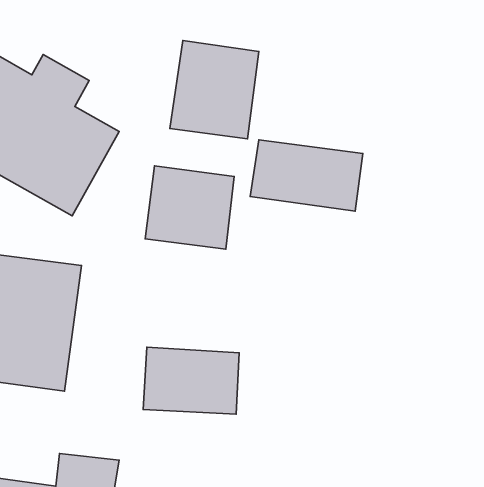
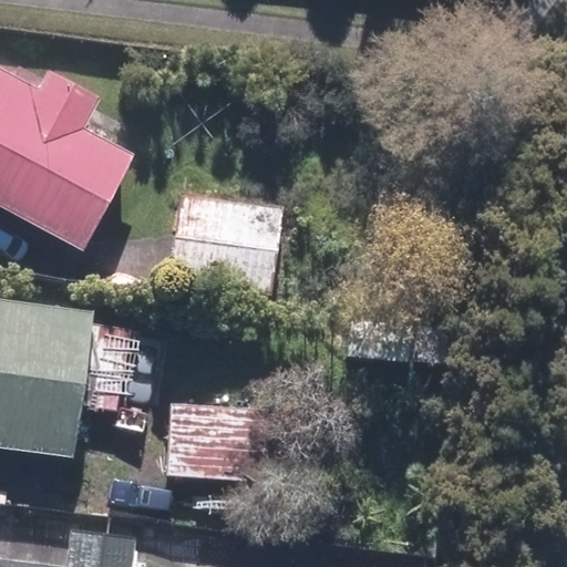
building: [170,41,259,139] -> none
building: [250,140,363,211] -> none

